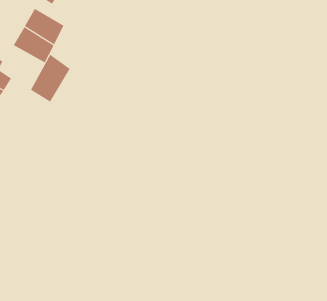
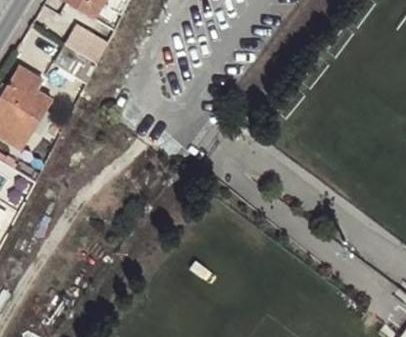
building: [30,54,71,102] -> none

